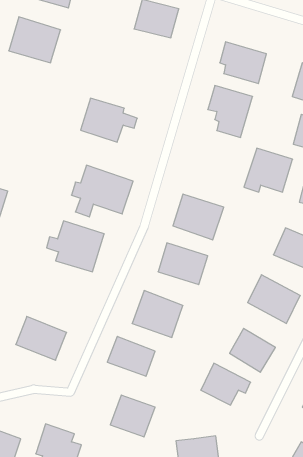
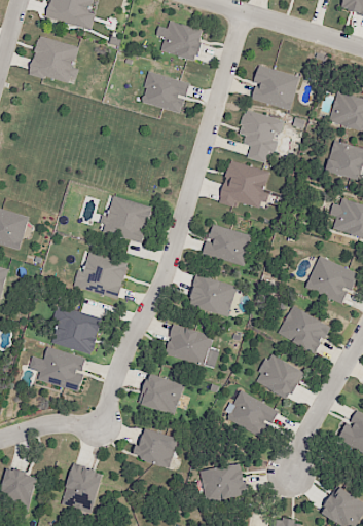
building: [81,98,137,142] -> [138,67,196,112]
building: [244,148,293,192] -> [218,160,268,205]
building: none -> [49,303,105,359]

